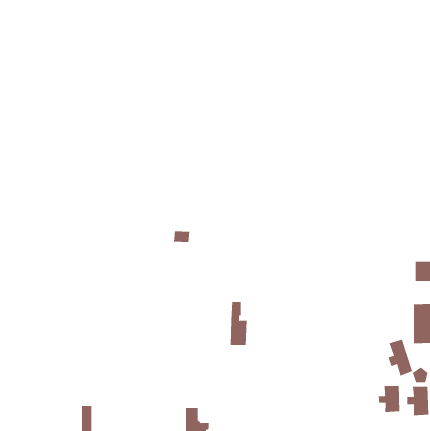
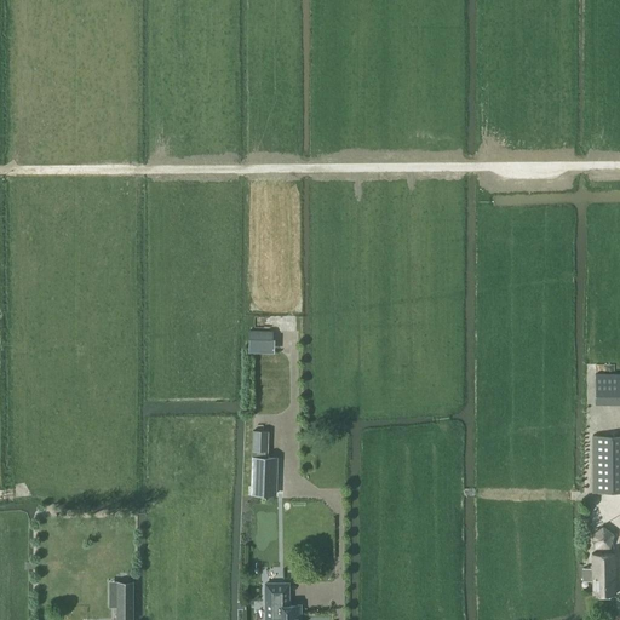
building: [230,302,247,346] -> [253,432,279,495]
building: [388,339,413,377] -> none
building: [378,385,400,413] -> none

